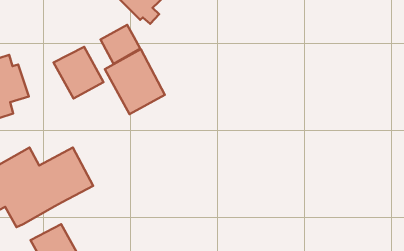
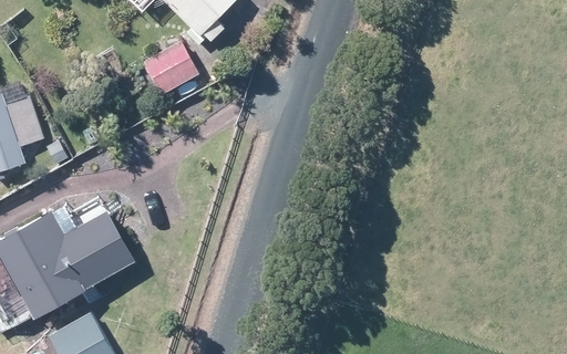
building: [54,47,103,98] -> none
building: [105,49,165,114] -> none

